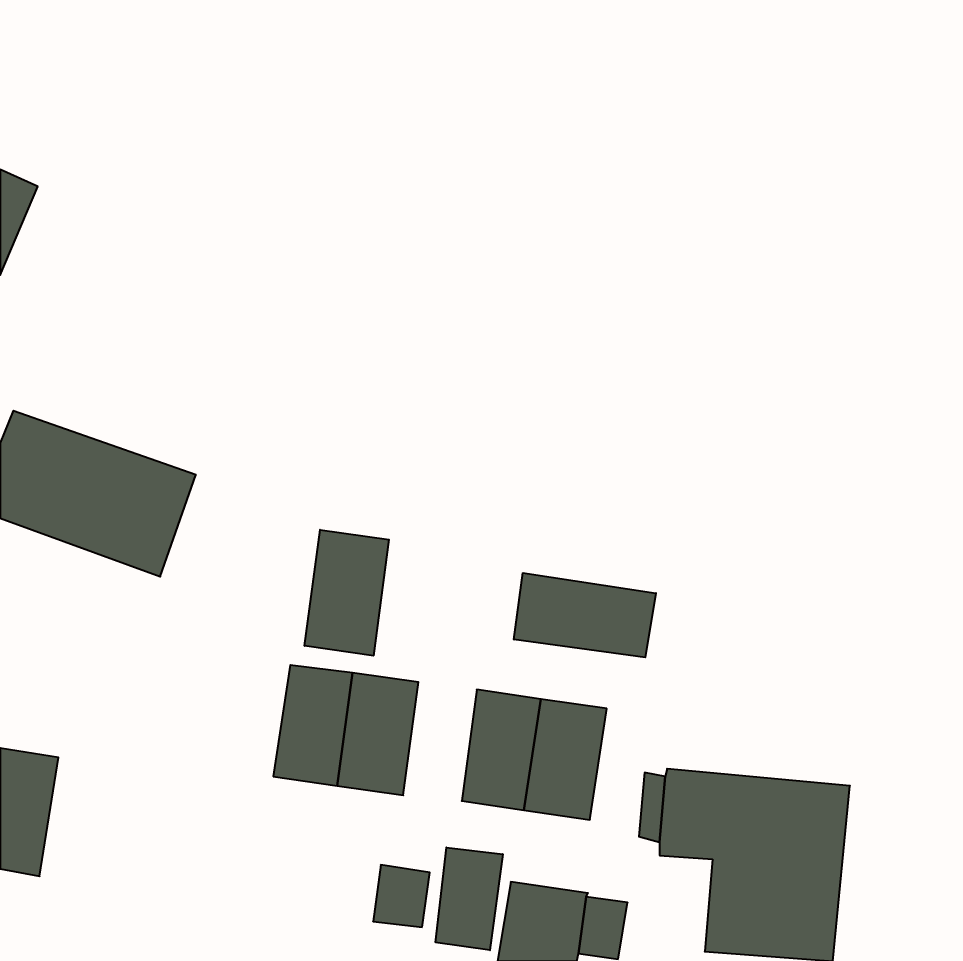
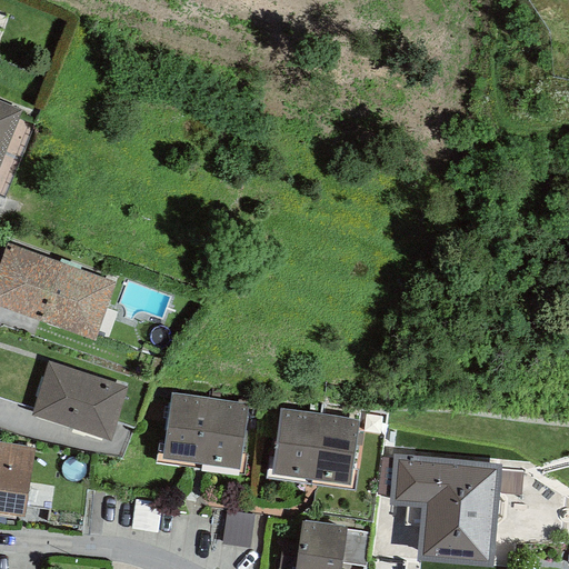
building: [305,530,389,656] -> none
building: [514,573,656,657] -> none
building: none -> [30,361,127,439]
building: [436,847,503,950] -> none

